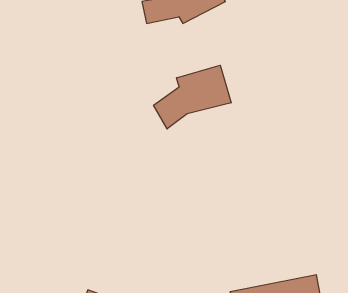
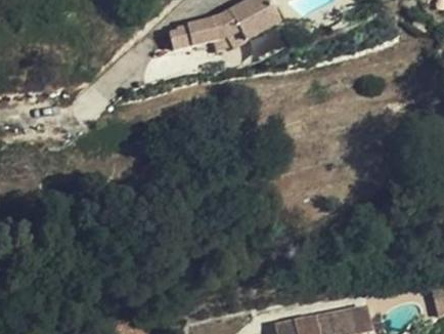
building: [154,65,231,129] -> none

